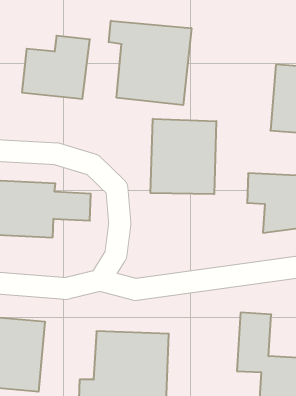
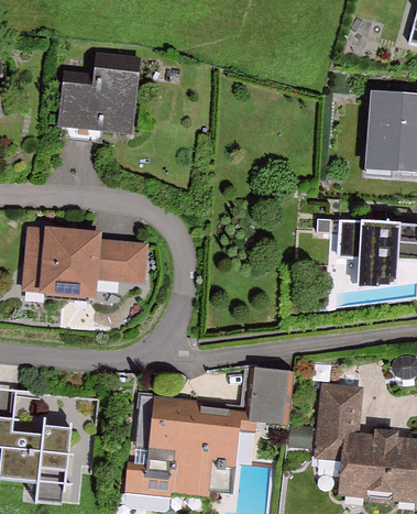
building: [109,21,191,105] -> none
building: [151,119,216,194] -> none
building: none -> [240,367,288,429]

